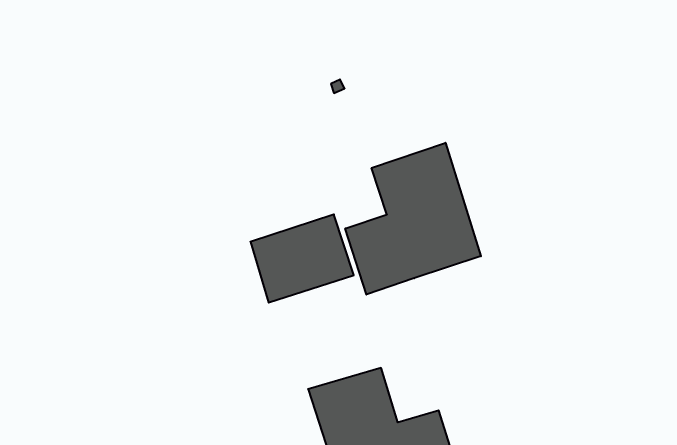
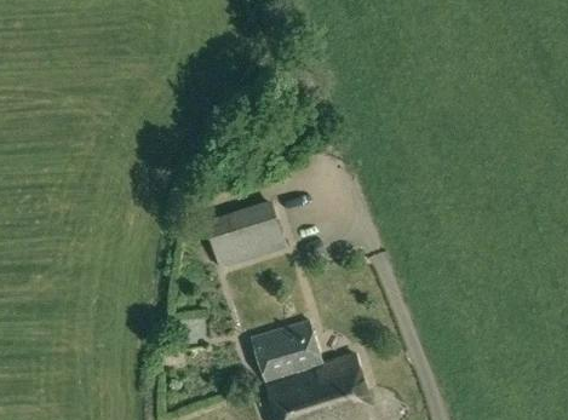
building: [345,143,481,295] -> none

